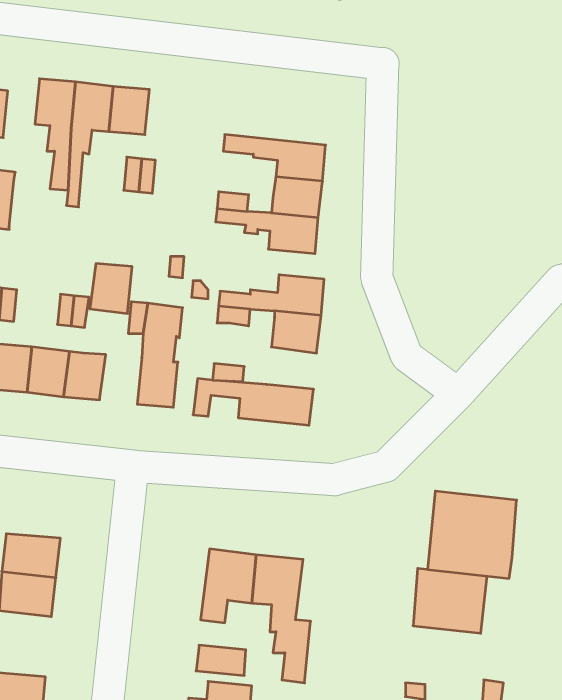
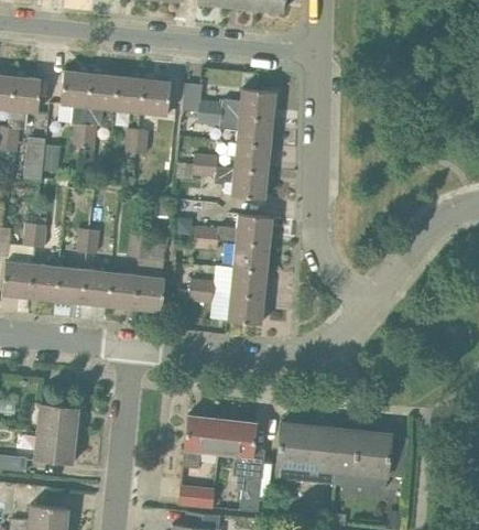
building: none -> [183,72,275,119]
building: none -> [141,78,171,115]
building: [90,264,132,313] -> [108,272,139,309]
building: none -> [230,267,266,298]
building: [428,491,517,578] -> [275,422,340,486]

